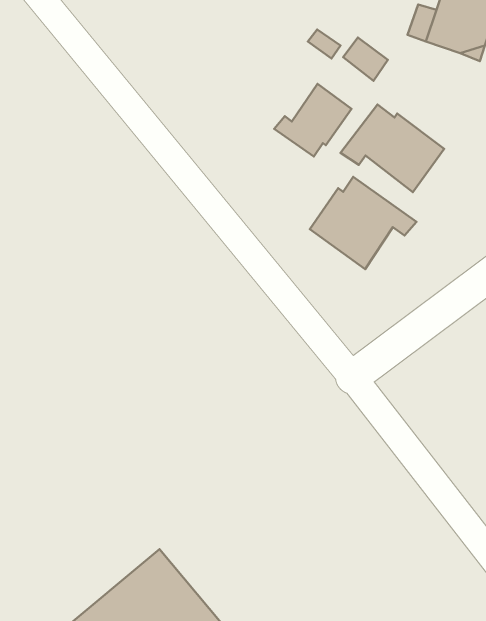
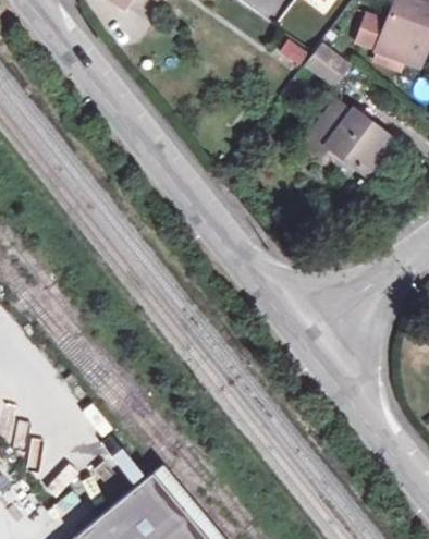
building: [274,84,352,156] -> none
building: [310,177,416,269] -> none

